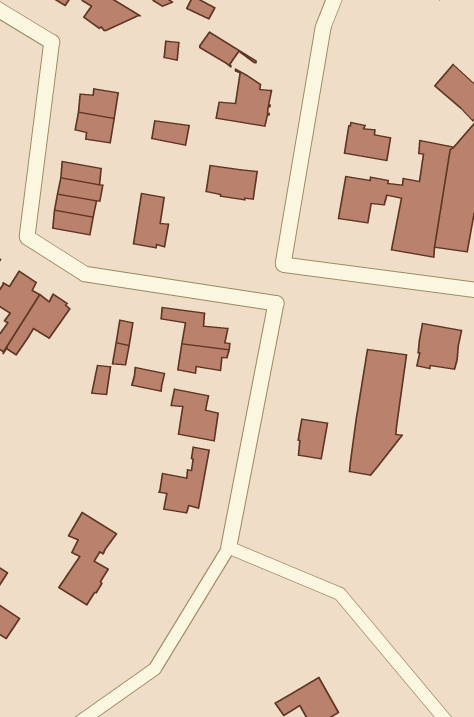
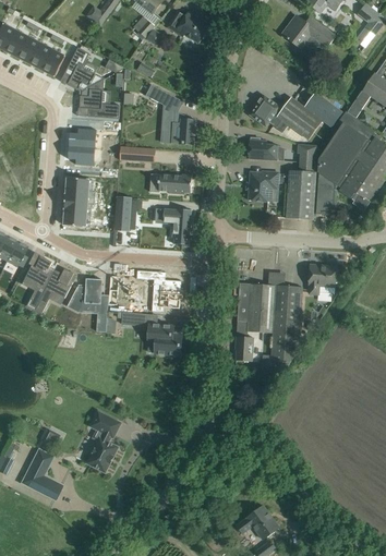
building: none -> [81,78,121,116]
building: none -> [249,96,323,140]
building: none -> [156,208,192,245]
building: none -> [68,279,102,314]
building: none -> [238,282,276,333]
building: [159,447,209,513] -> none

